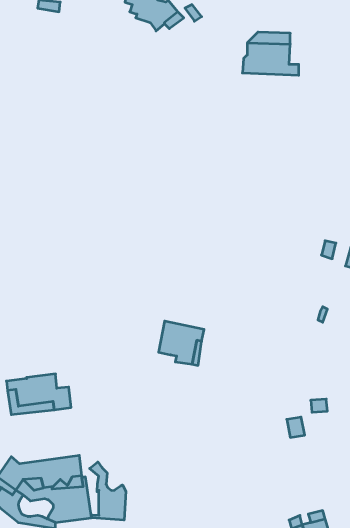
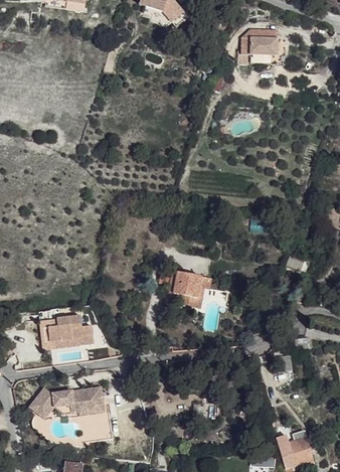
building: [90,462,126,520] -> none

